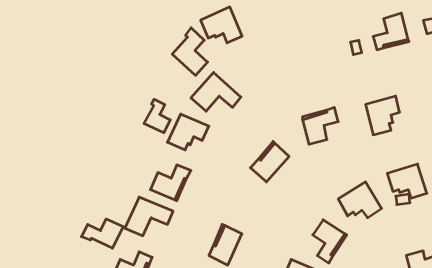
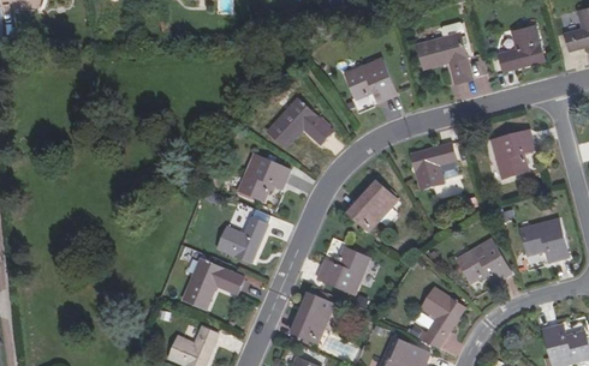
building: [201,7,242,43] -> [346,55,399,101]
building: none -> [418,31,472,83]
building: [172,28,208,75] -> none
building: [144,99,170,133] -> none
building: none -> [316,248,369,295]
building: [81,219,123,248] -> none

